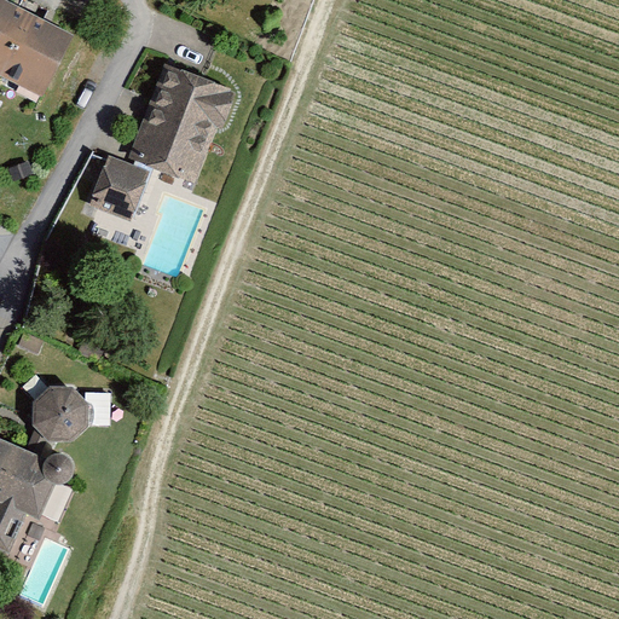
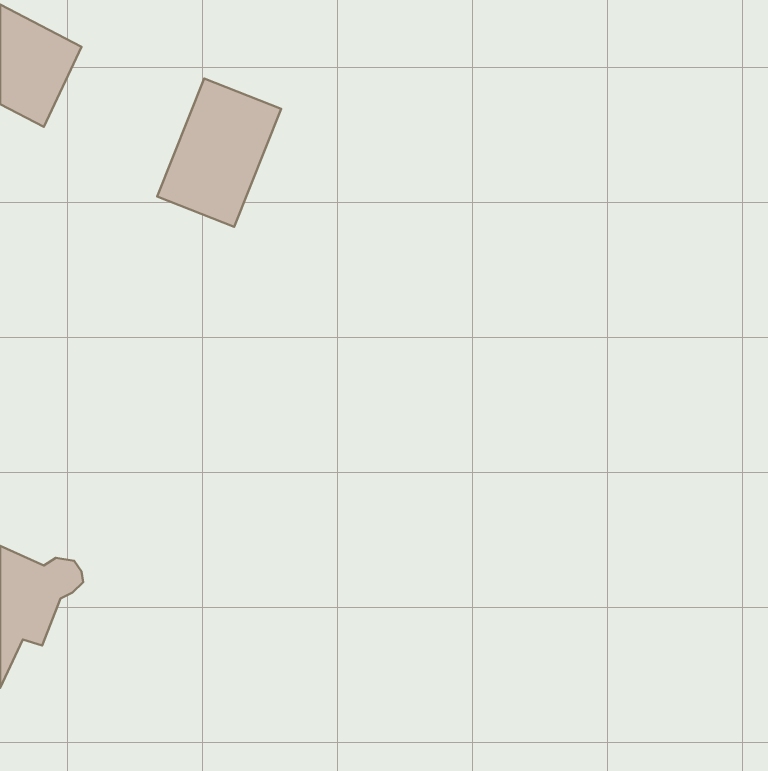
building: [85,154,151,216] -> none
building: [24,382,82,439] -> none

